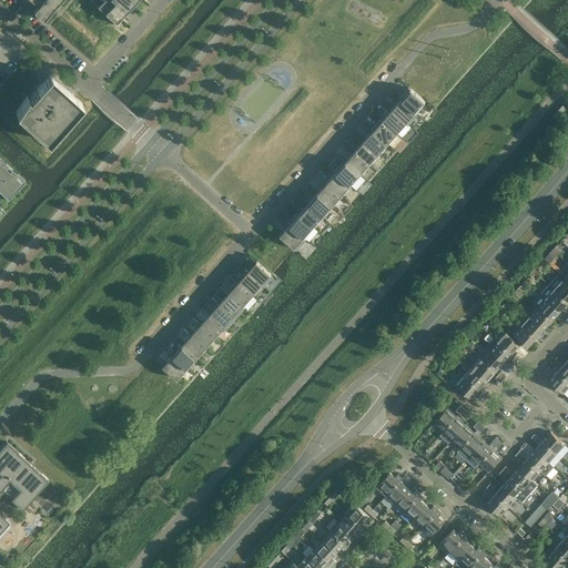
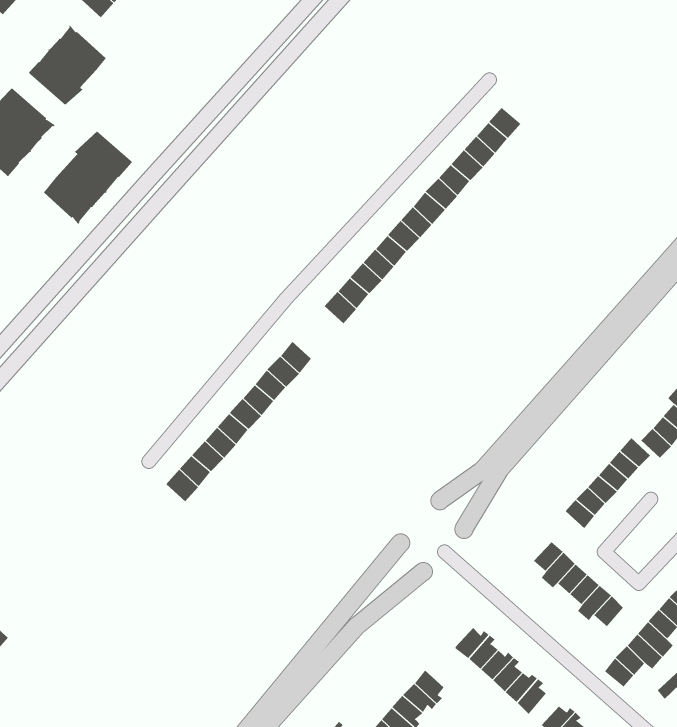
building: none -> [27,25,107,106]
building: none -> [43,130,134,225]

